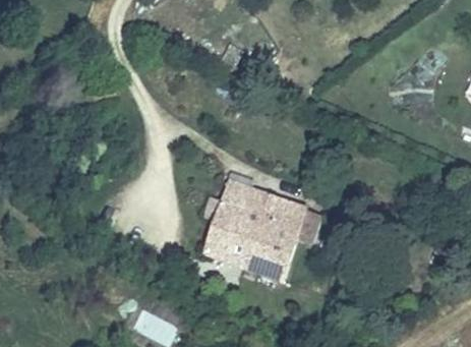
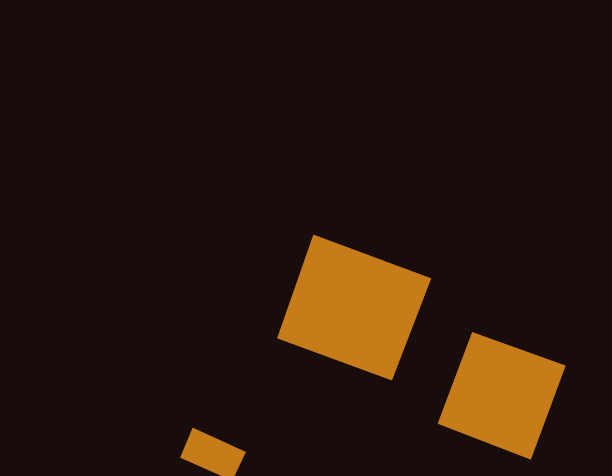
building: none -> [437,331,566,460]

